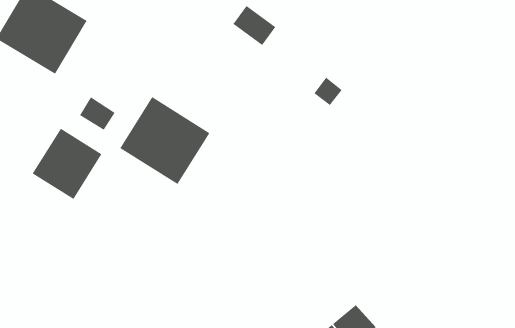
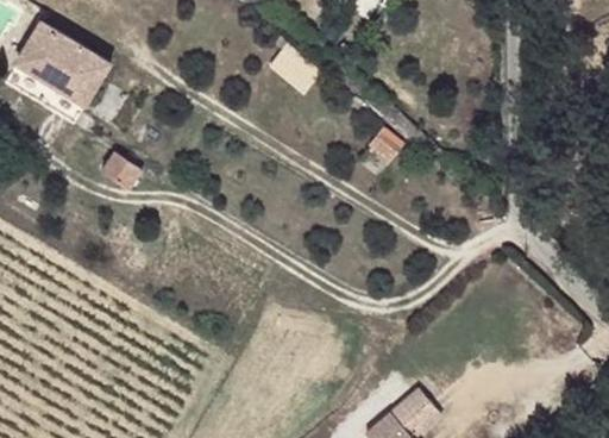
building: [120,96,210,185] -> none
building: [32,128,102,200] -> none

